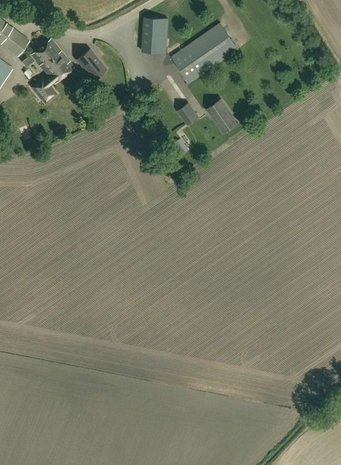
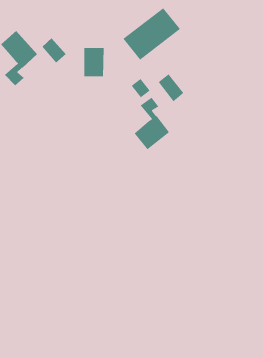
building: [142,17,168,52] -> [83,47,104,77]
building: none -> [134,97,170,150]

